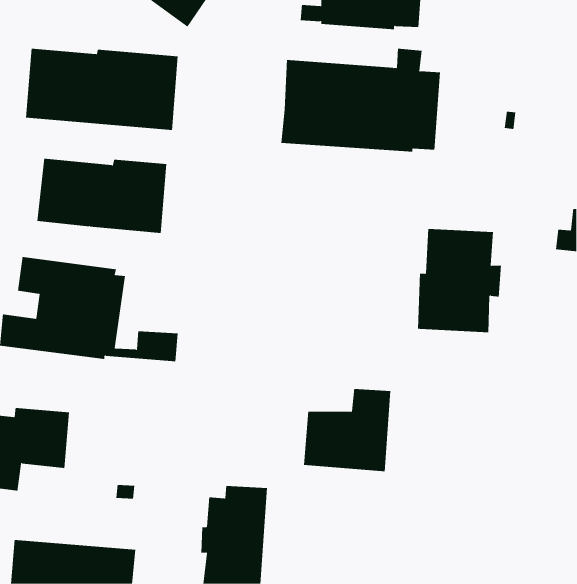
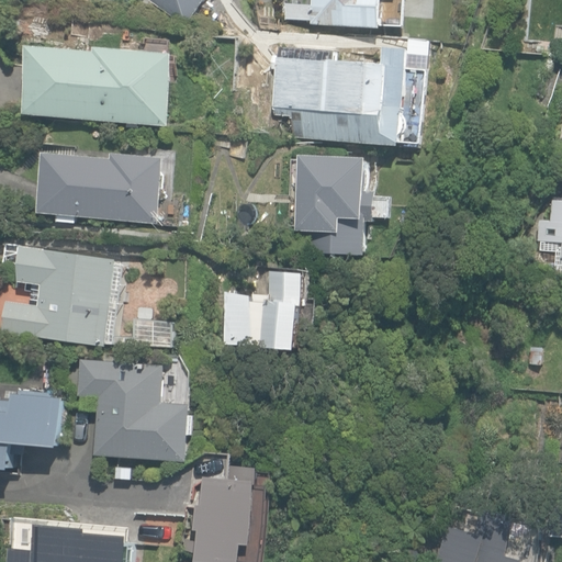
building: [417,229,502,333] -> [292,155,373,255]
building: none -> [75,360,188,461]
building: [303,388,391,472] -> [222,269,306,349]

